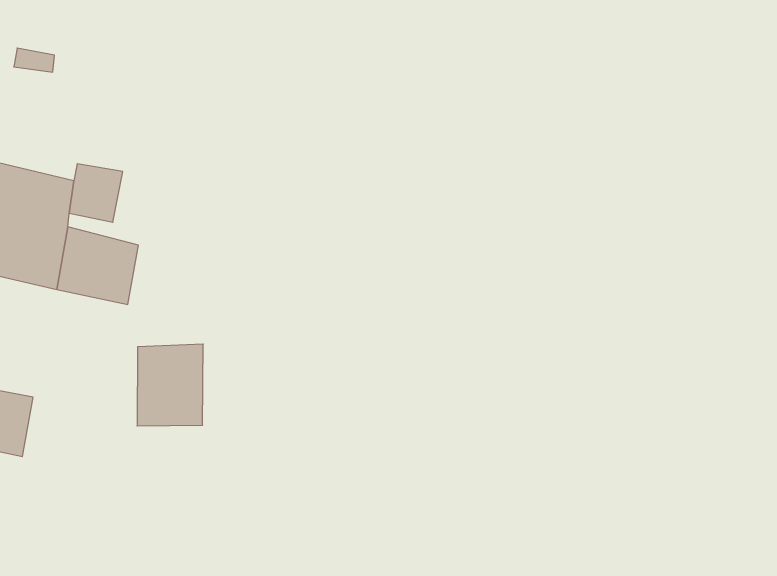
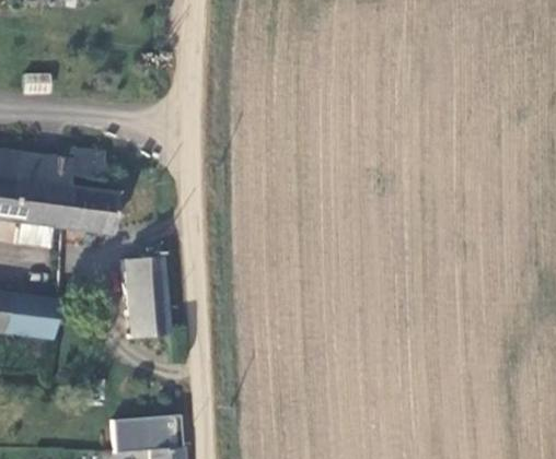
building: none -> [126,306,169,339]

